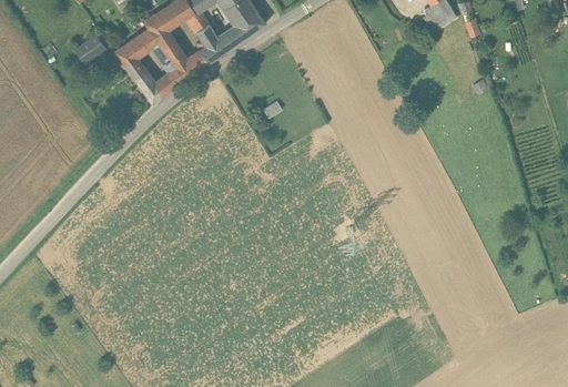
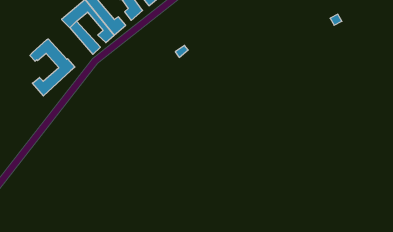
building: [72,32,104,63] -> none
building: none -> [30,39,75,96]

